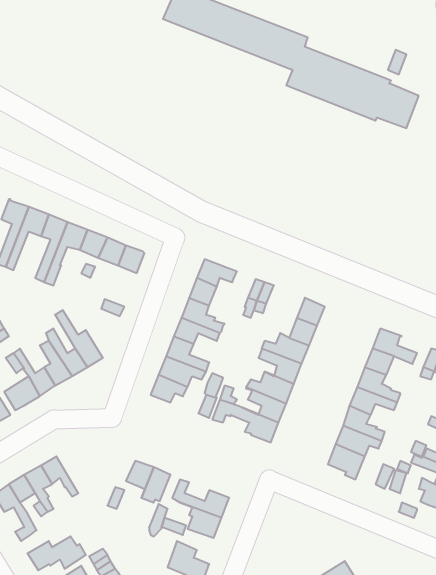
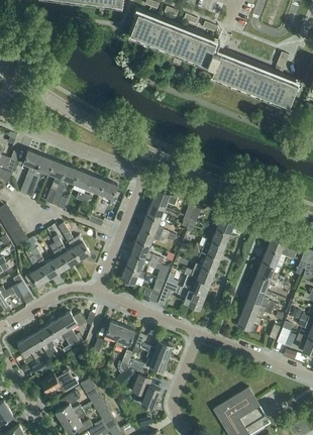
building: none -> [59,313,85,347]

